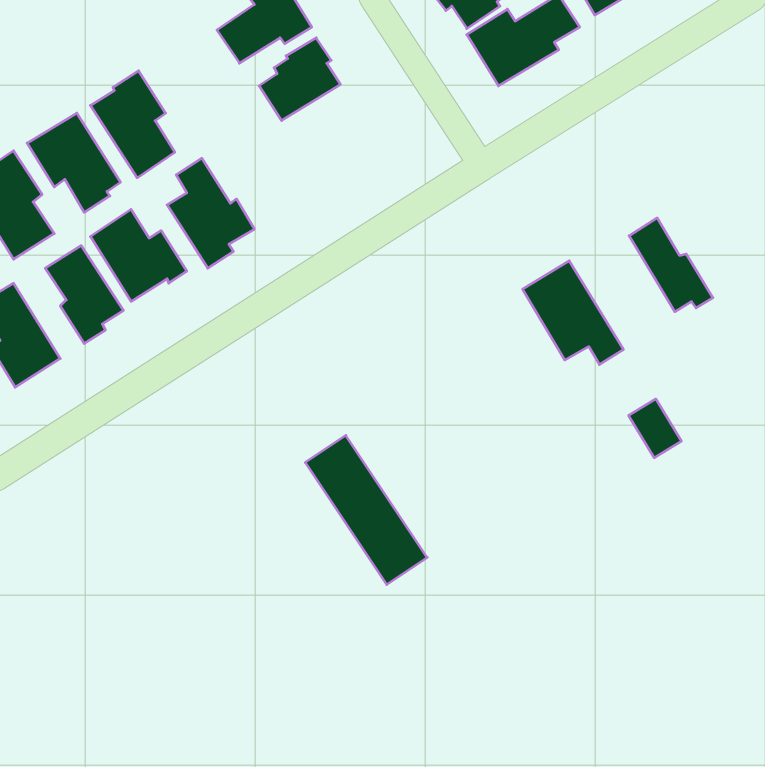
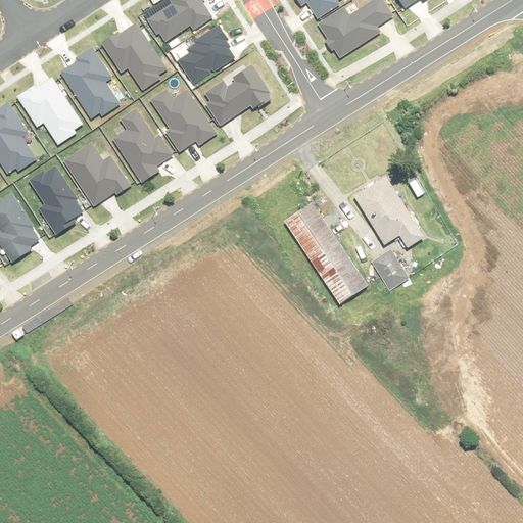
building: none -> [103,21,170,89]
building: none -> [204,64,268,125]
building: none -> [149,88,217,151]
building: [629,218,713,312] -> none
building: [629,399,681,458] -> [371,250,407,290]
building: [305,435,427,585] -> [284,203,367,304]

